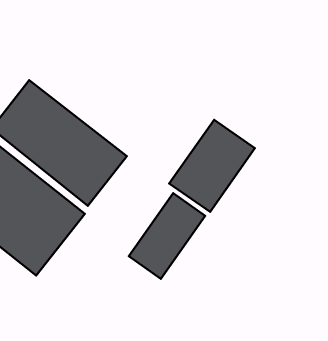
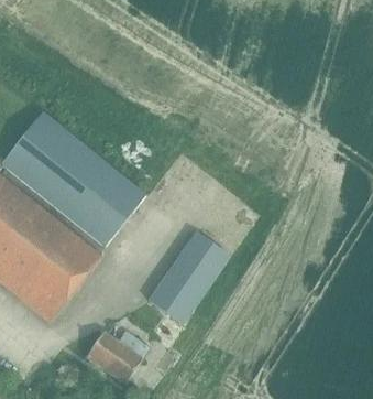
building: [169,120,255,212] -> none
building: none -> [86,331,143,382]

